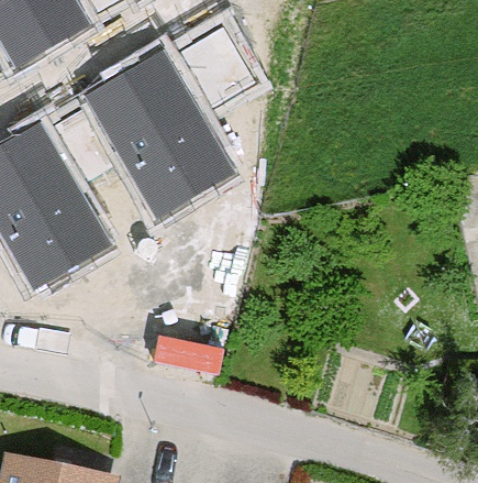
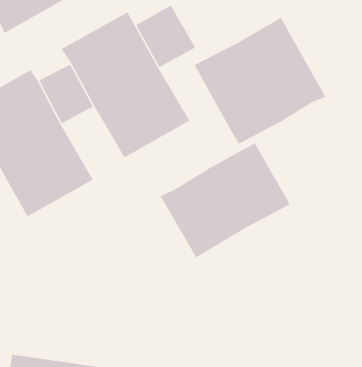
building: none -> [194,16,327,145]
building: none -> [159,142,291,259]

